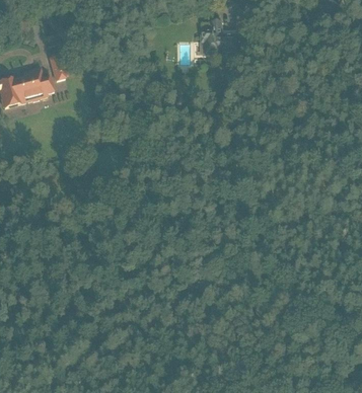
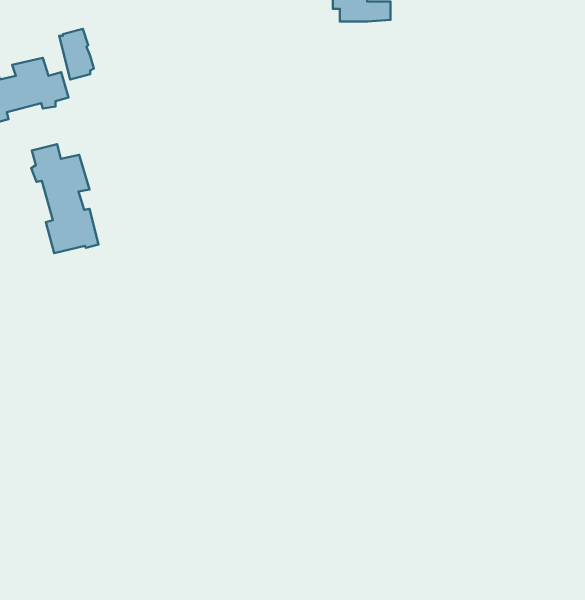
building: none -> [31,144,98,253]

